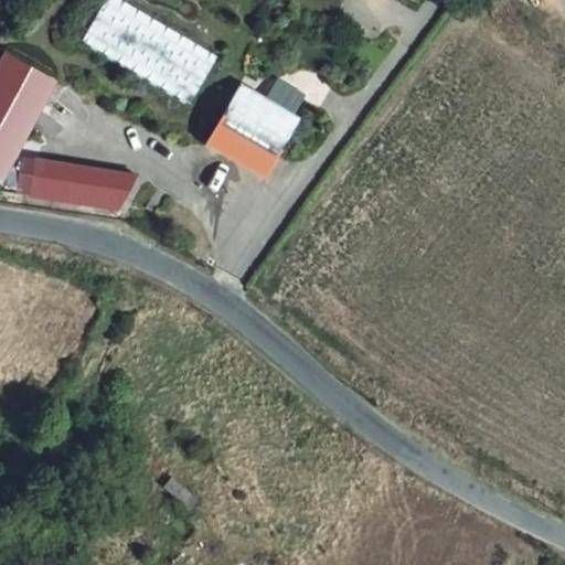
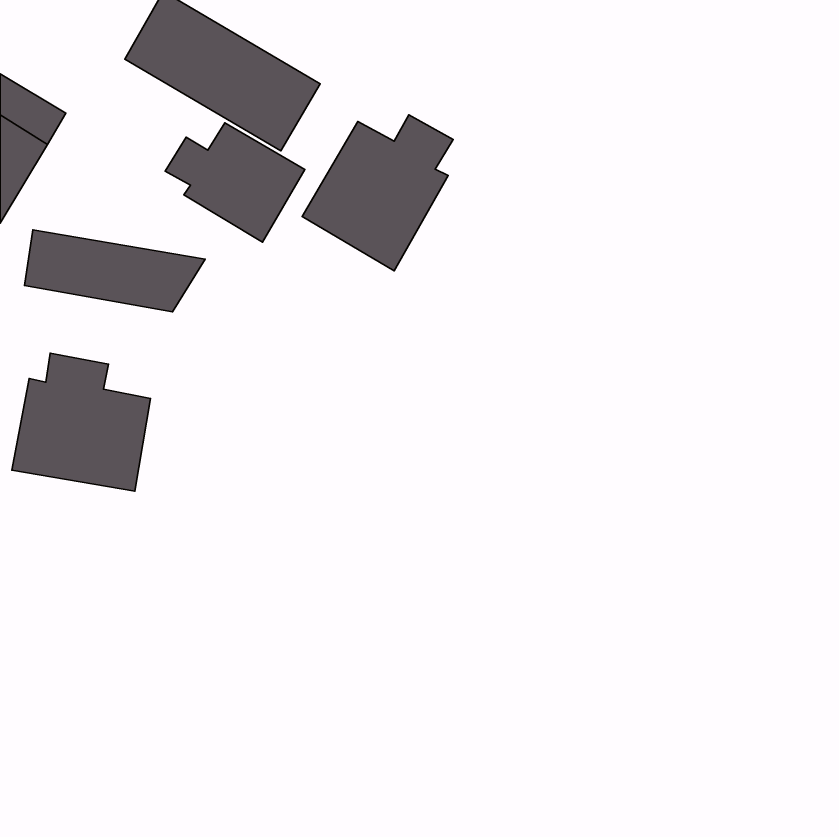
building: none -> [165,123,305,242]
building: none -> [12,353,151,491]

